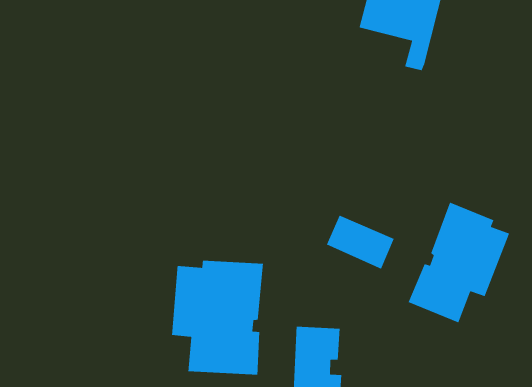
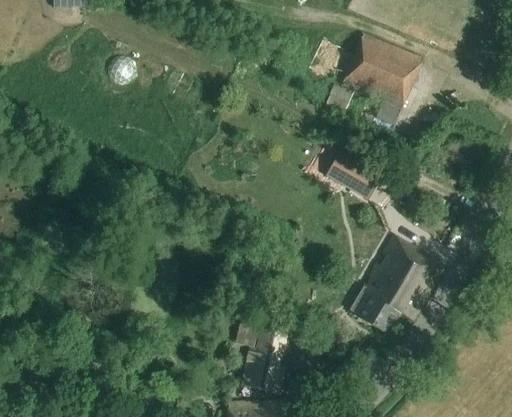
building: [326,214,395,270] -> [328,147,385,198]
building: [171,260,264,376] -> none

